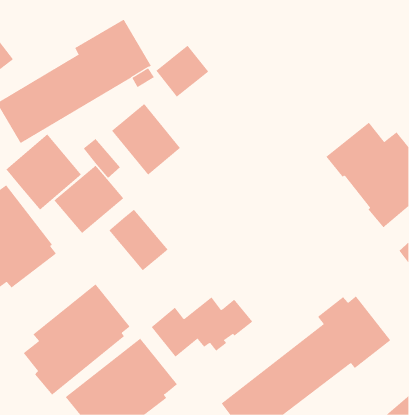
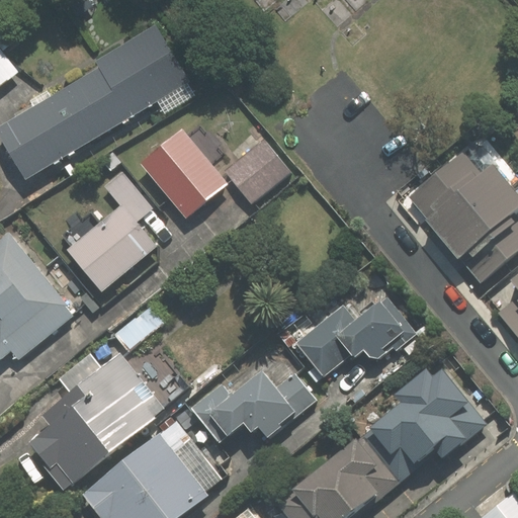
building: [156,45,209,98] -> [223,139,289,204]
building: [5,134,82,210] -> none
building: [108,209,168,271] -> none
building: none -> [294,295,416,376]

